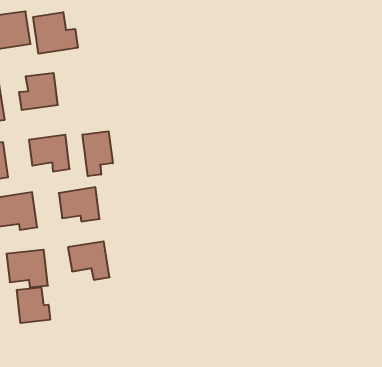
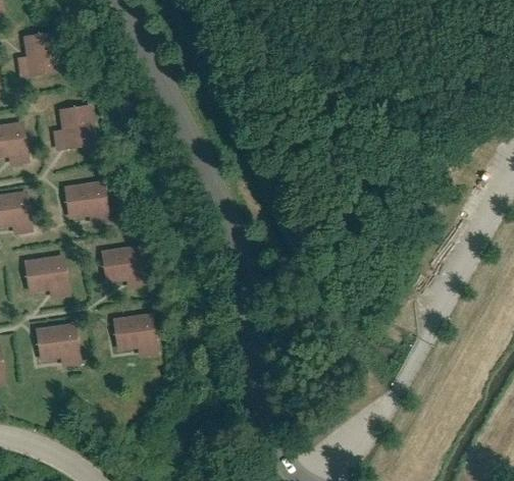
building: [33,12,78,54] -> none
building: [83,131,113,176] -> none
building: [17,287,50,323] -> none

